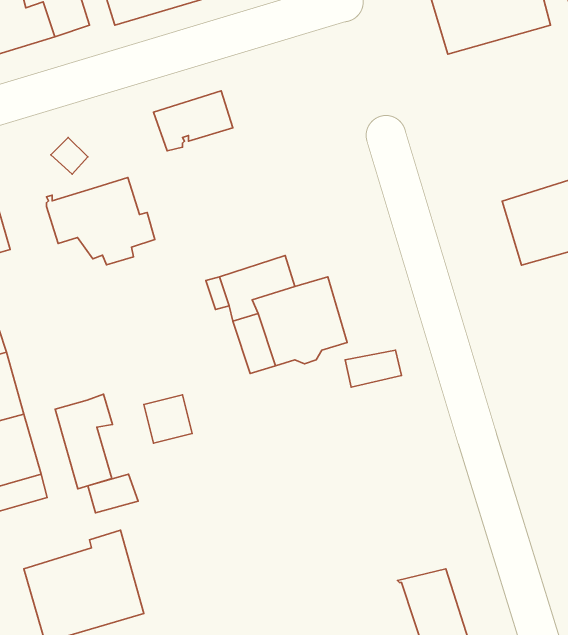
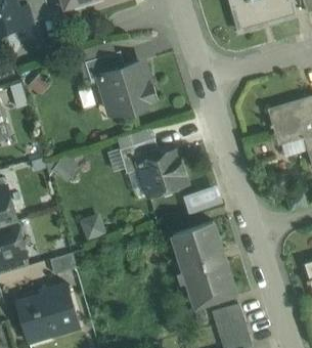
building: [46,178,155,265] -> [99,66,157,112]
building: [55,394,113,489] -> none
building: none -> [172,221,235,307]

